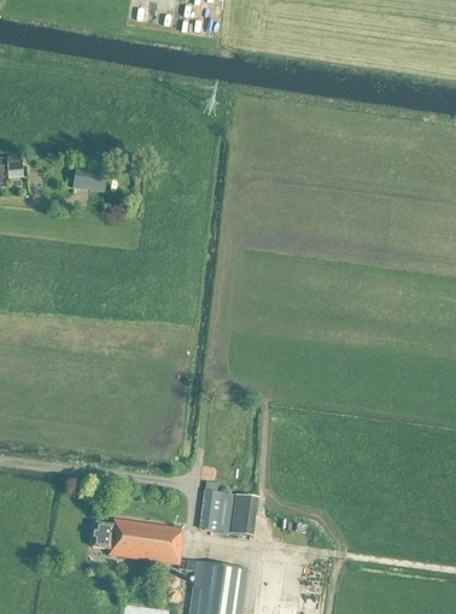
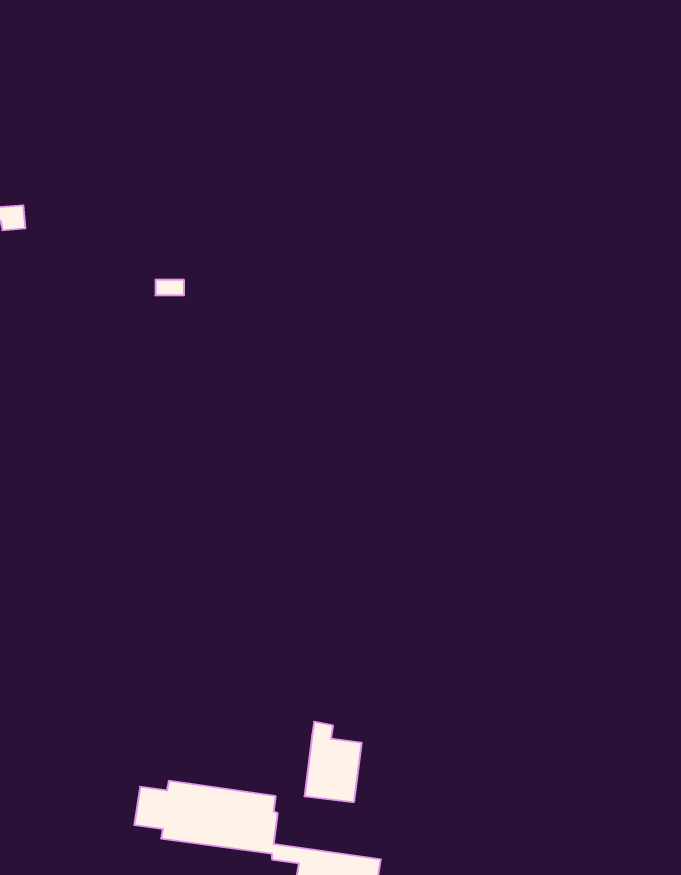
building: [74,166,107,192] -> none
building: [232,495,258,536] -> none

